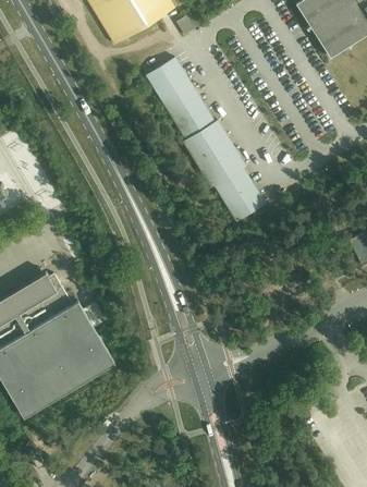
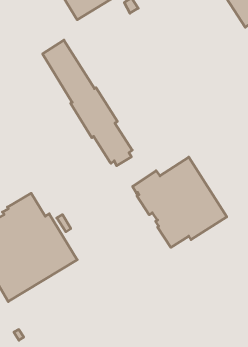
building: [146,57,265,223] -> [43,40,132,166]
building: none -> [133,157,227,247]

